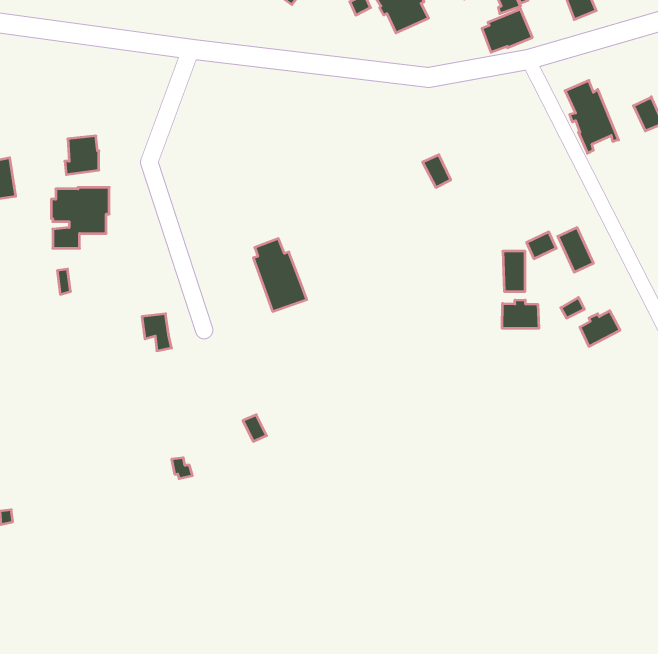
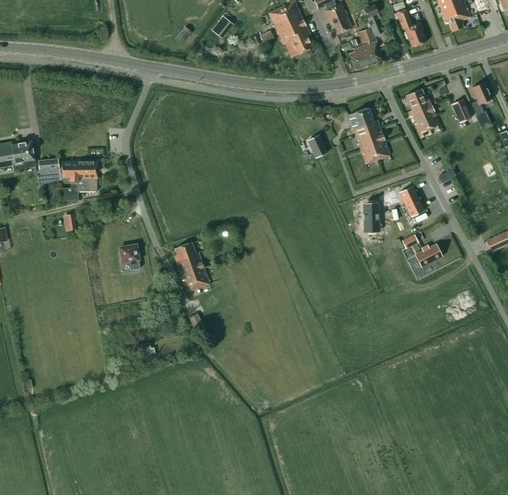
building: none -> [349,108,389,163]
building: [65,136,99,175] -> [36,158,59,184]
building: [253,239,307,311] -> [174,242,210,291]
building: [502,300,539,328] -> none

